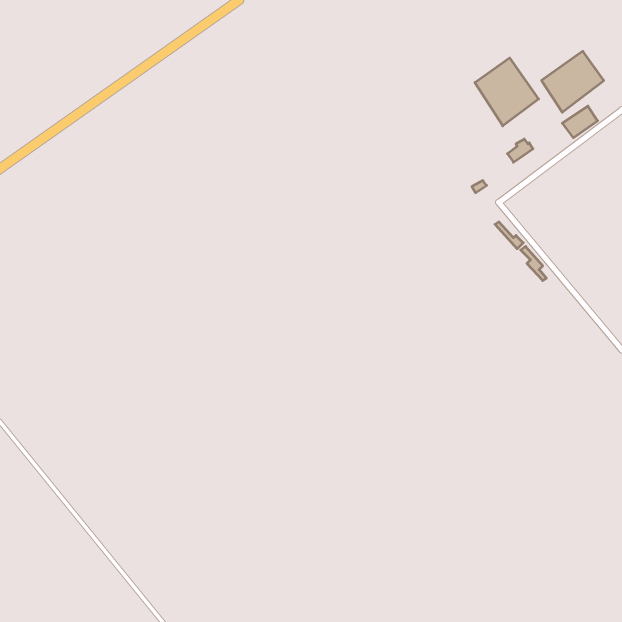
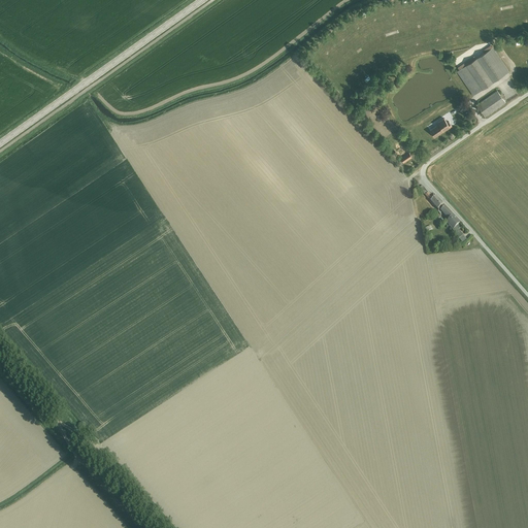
building: [475,58,539,126] -> none

